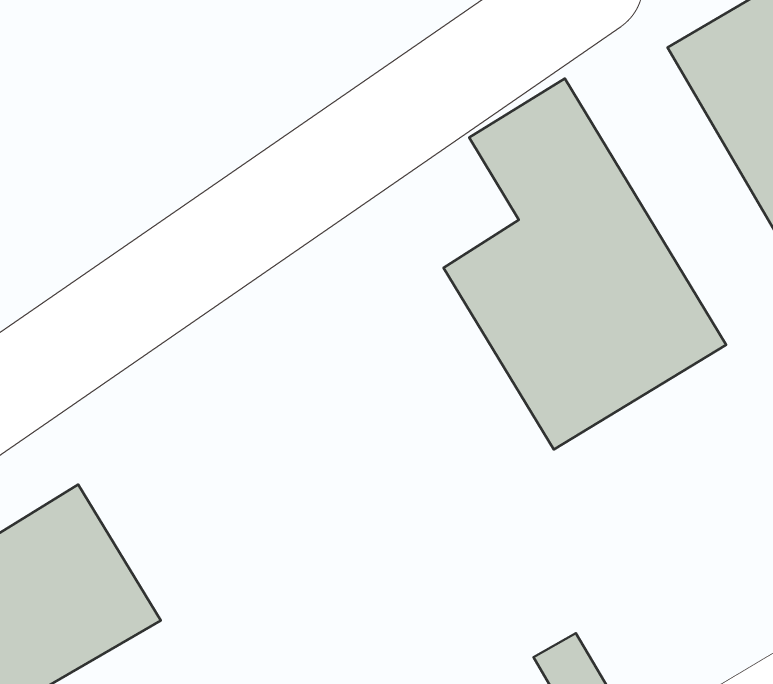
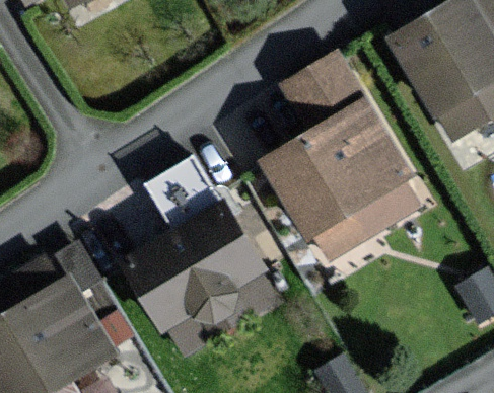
building: none -> [122,161,265,332]

